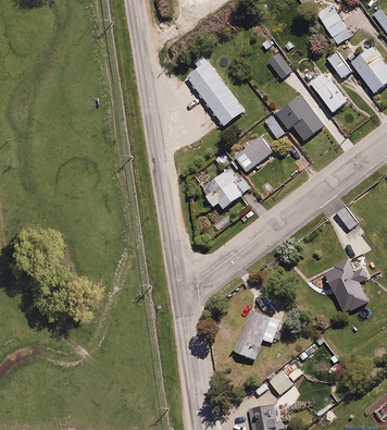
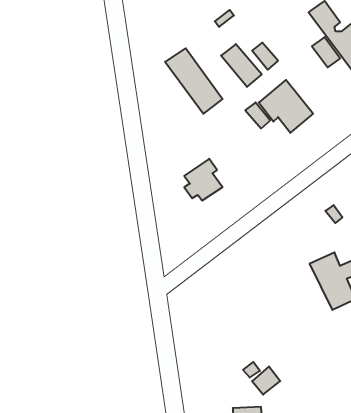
building: [310,72,349,113] -> [221,44,262,87]
building: [233,135,270,170] -> none
building: [234,311,278,360] -> none

